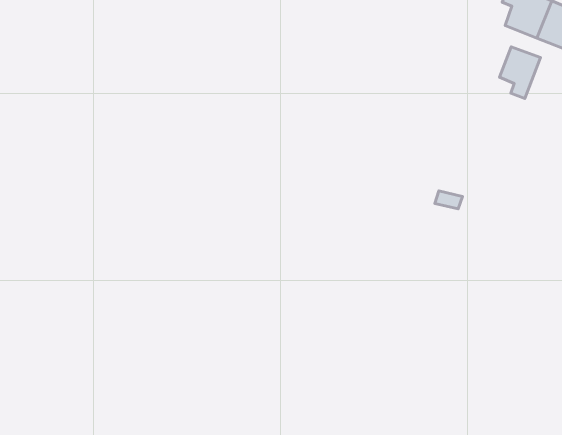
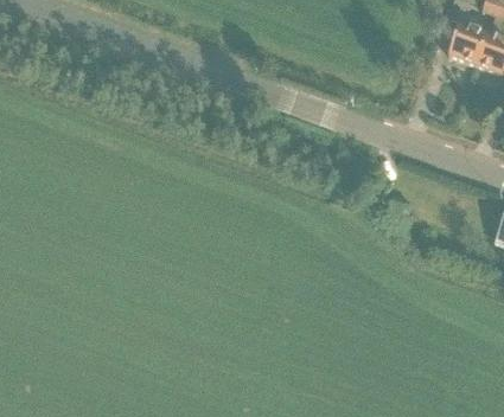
building: [499,47,541,99] -> none

